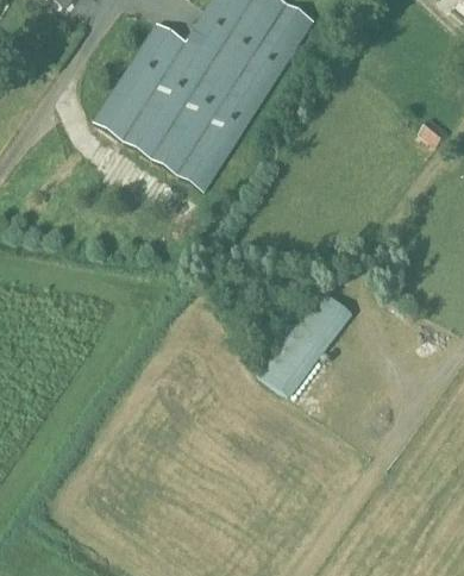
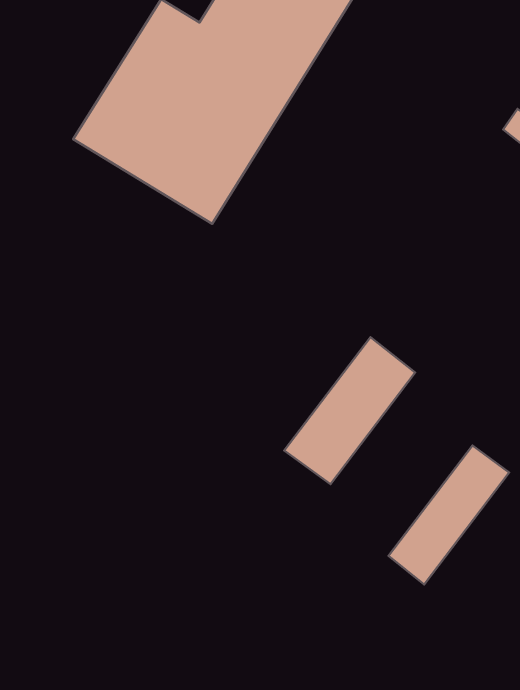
building: none -> [388,446,509,584]

